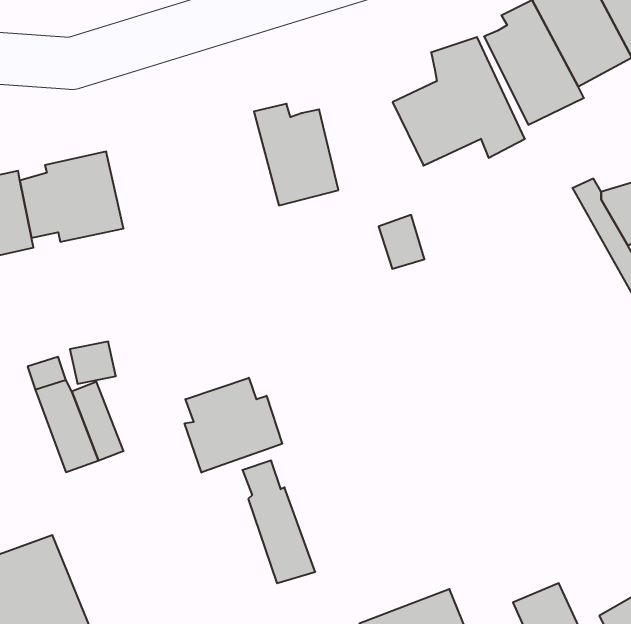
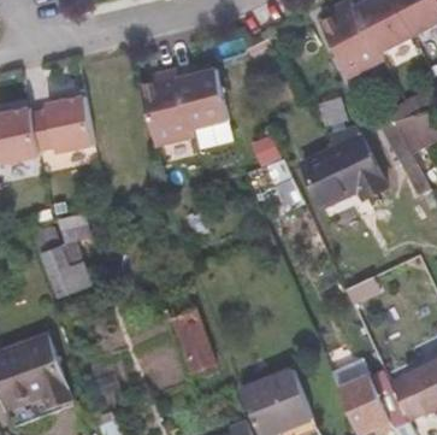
building: [393,37,525,166] -> [302,127,385,207]
building: none -> [138,71,193,147]
building: [185,378,282,473] -> none

